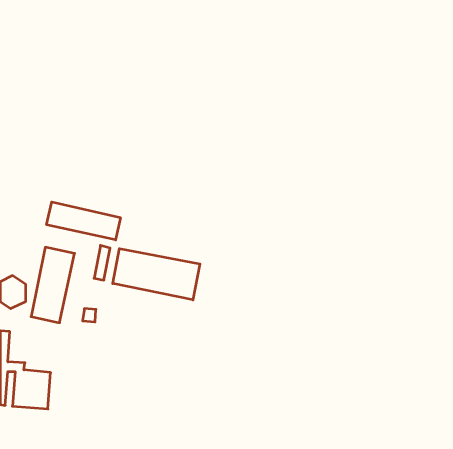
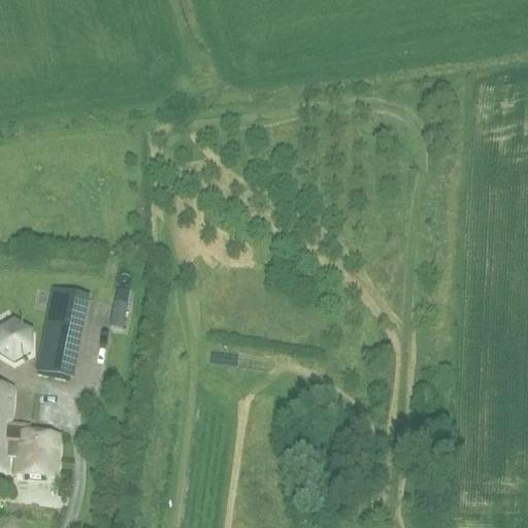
building: [47,202,120,240] -> none
building: [113,249,200,300] -> none

